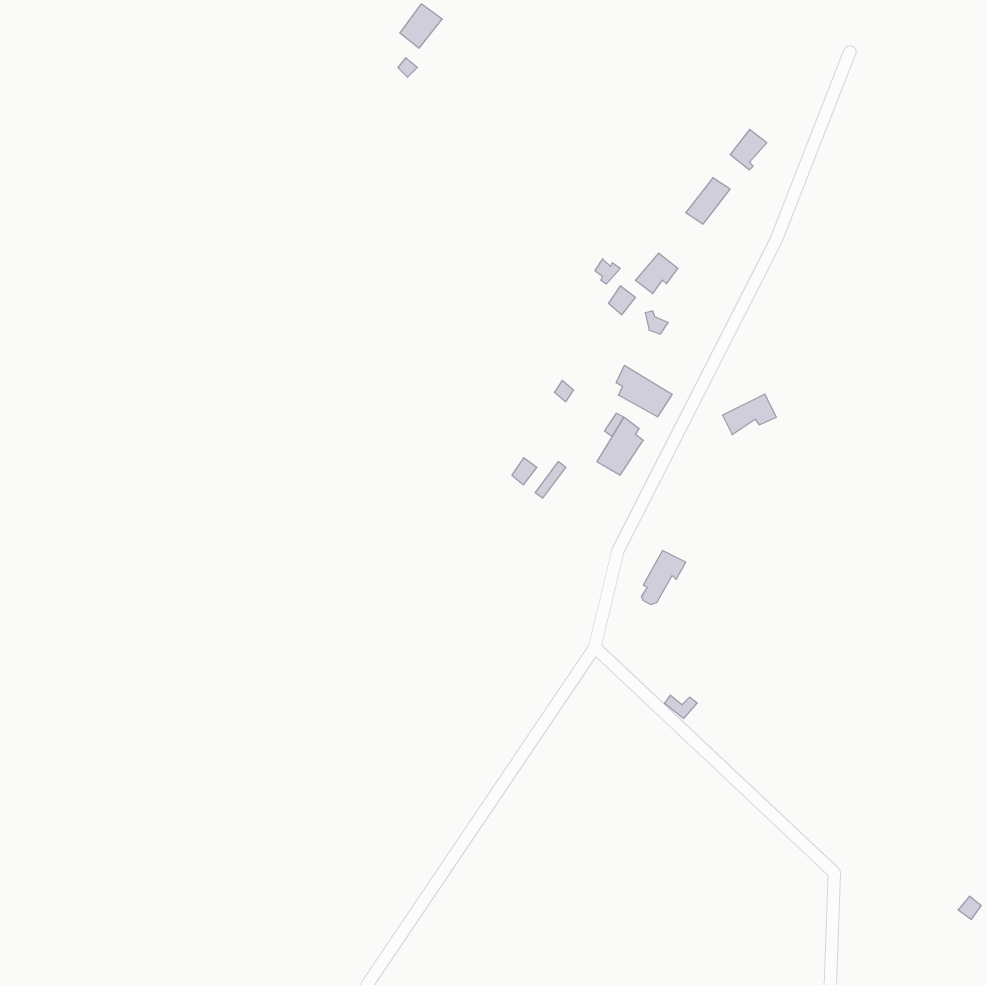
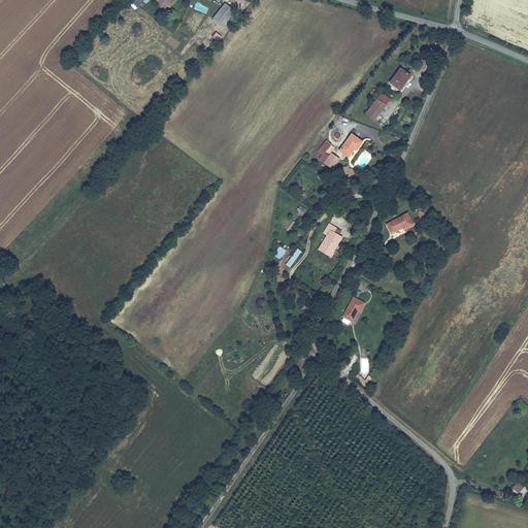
building: [616,365,672,417] -> none

